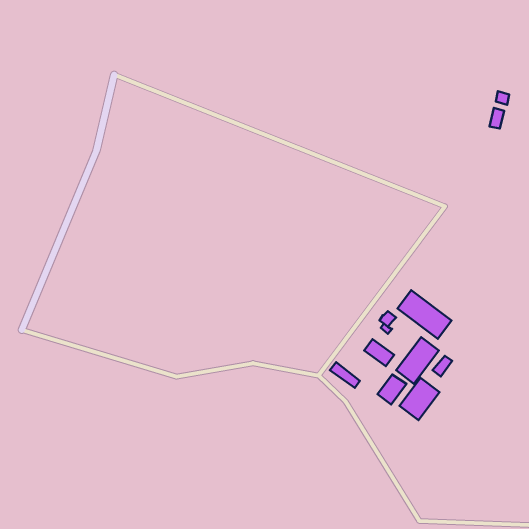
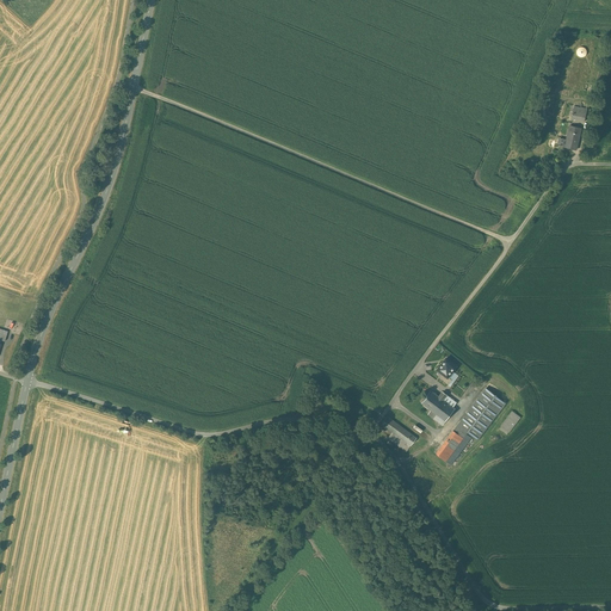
building: [398,290,452,339] -> none
building: [399,378,440,420] -> none

